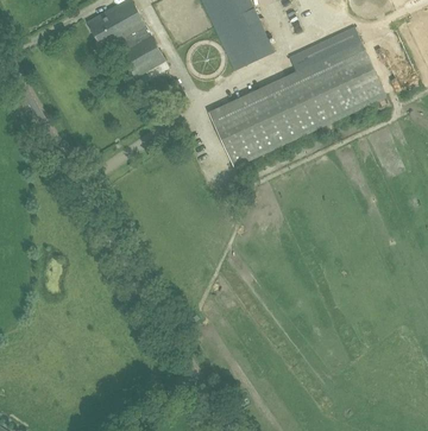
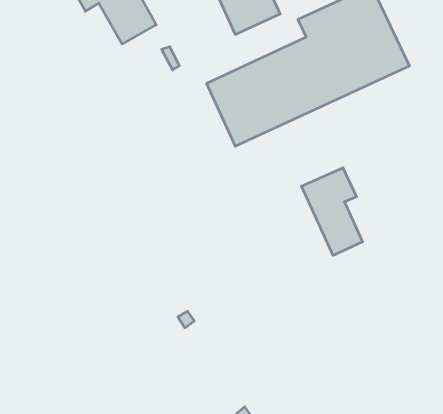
building: none -> [301,168,363,255]

